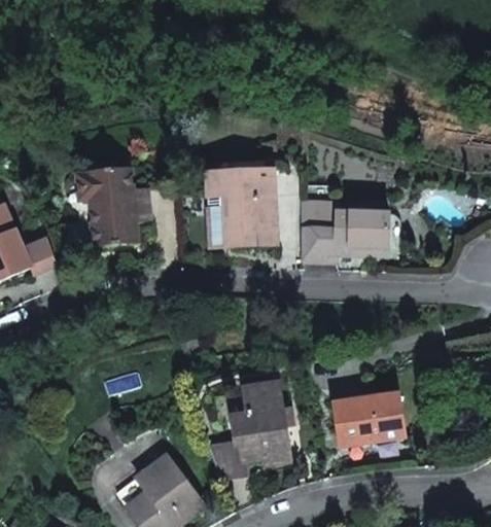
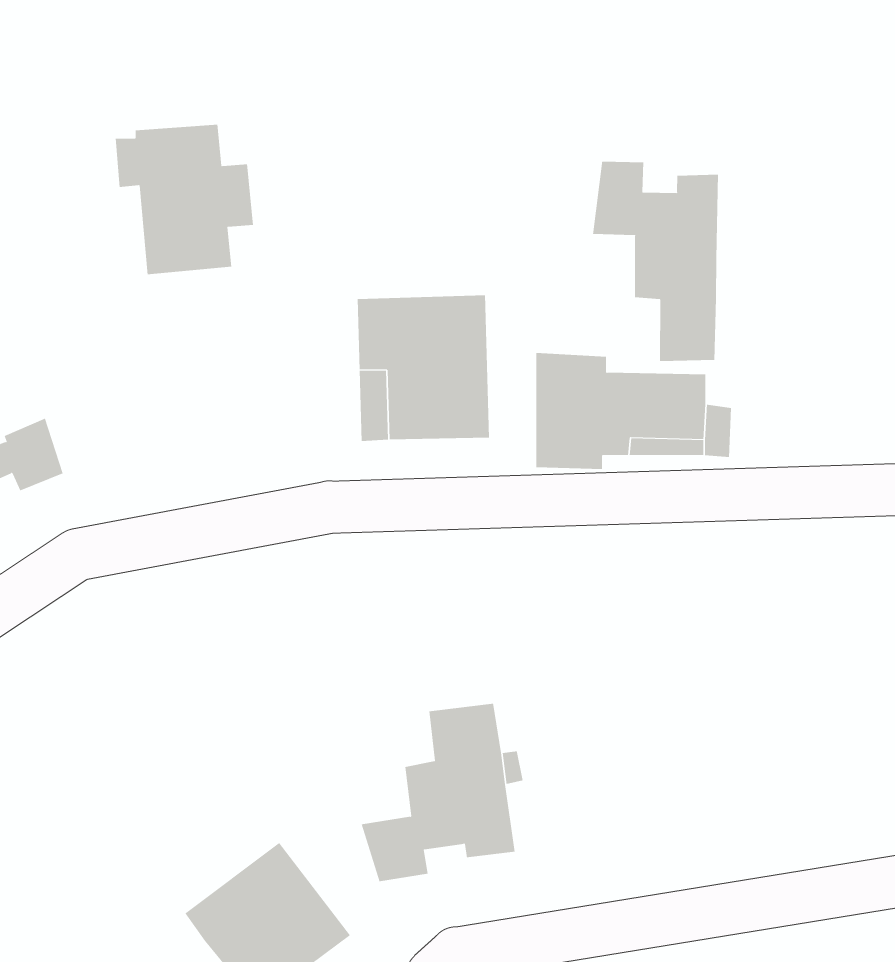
building: none -> [593,161,719,362]
building: [78,166,150,244] -> [115,124,254,275]
building: [335,391,406,445] -> none

